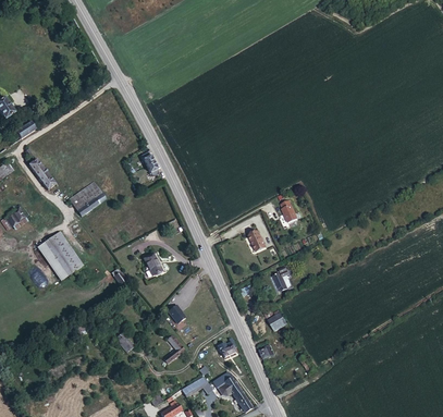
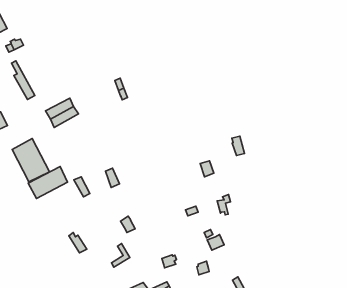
building: none -> [28,166,68,198]

